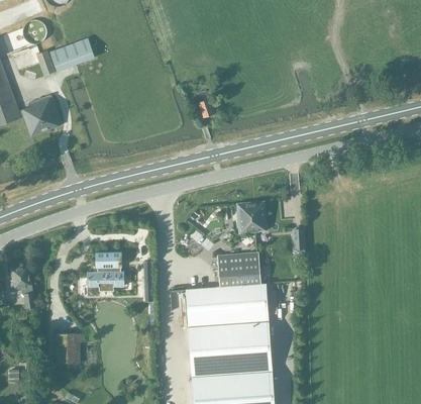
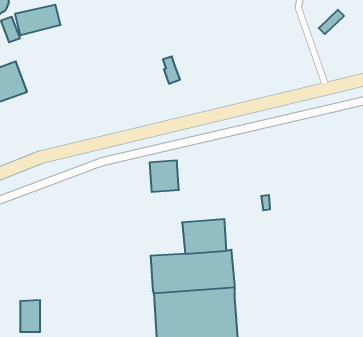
building: [236,202,266,233] -> [150,160,179,192]
building: [86,251,124,287] -> none

